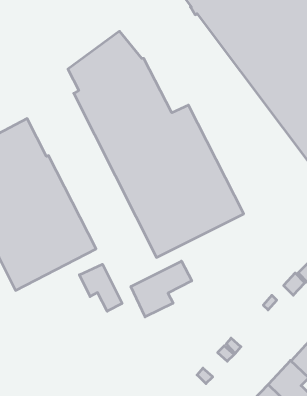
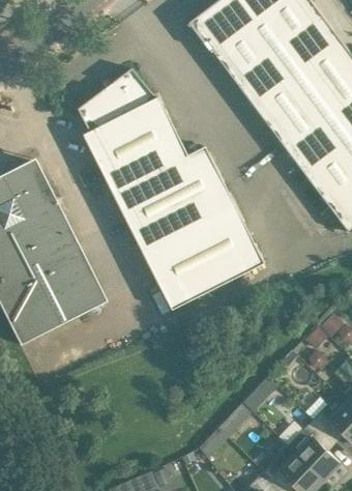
building: [131,261,192,317] -> none
building: [79,264,122,311] -> none

